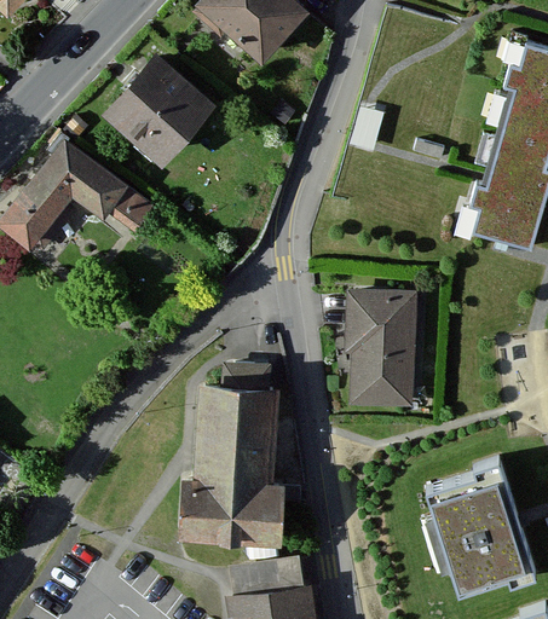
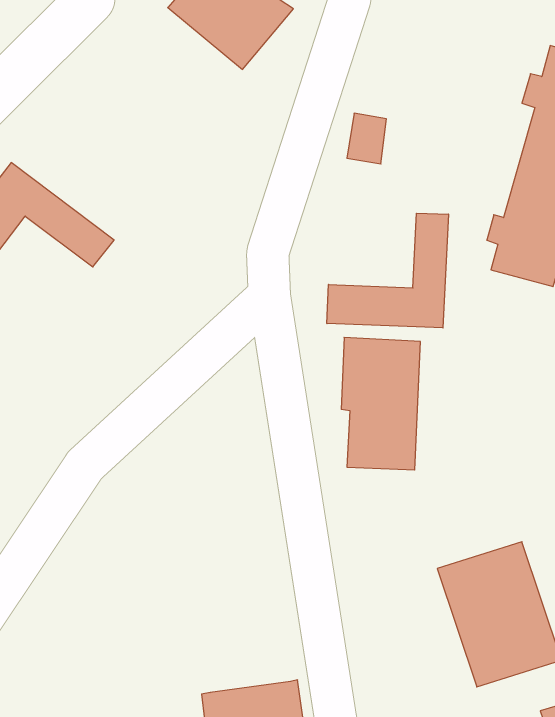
building: [105,59,212,166] -> none
building: none -> [327,213,448,328]
building: [181,364,284,542] -> none
building: [230,557,304,596] -> none

